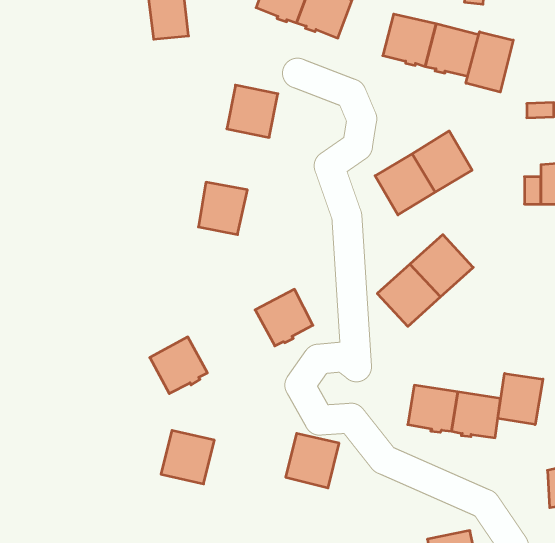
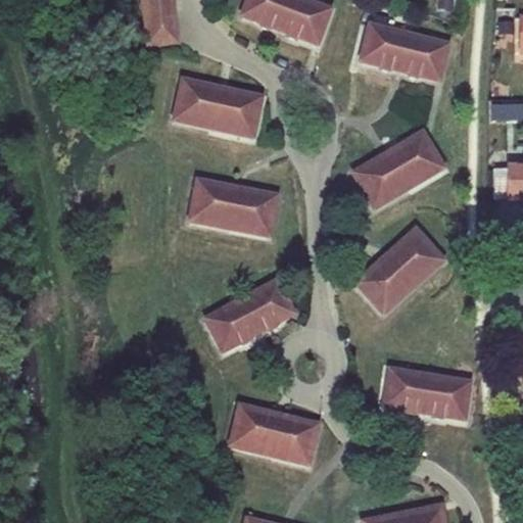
building: [466,32,513,92] -> none
building: none -> [174,78,223,128]
building: none -> [225,185,278,235]
building: [150,337,207,394] -> [205,297,259,350]
building: [498,373,543,425] -> none
building: [161,430,214,484] -> [230,403,280,454]

